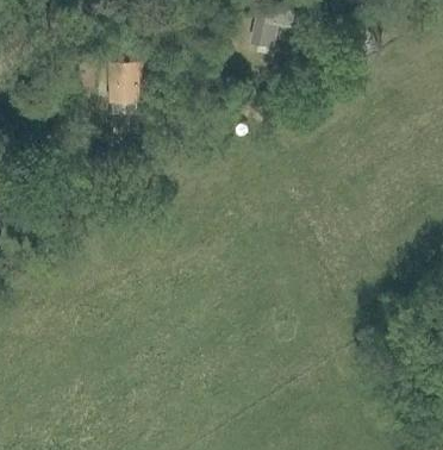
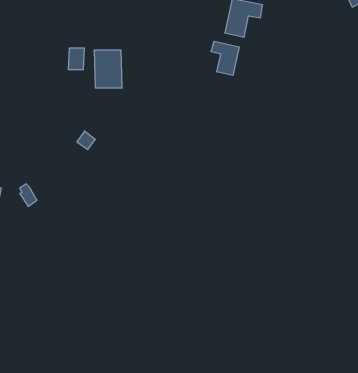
building: none -> [211,41,239,75]

